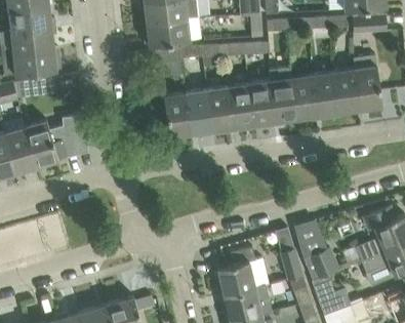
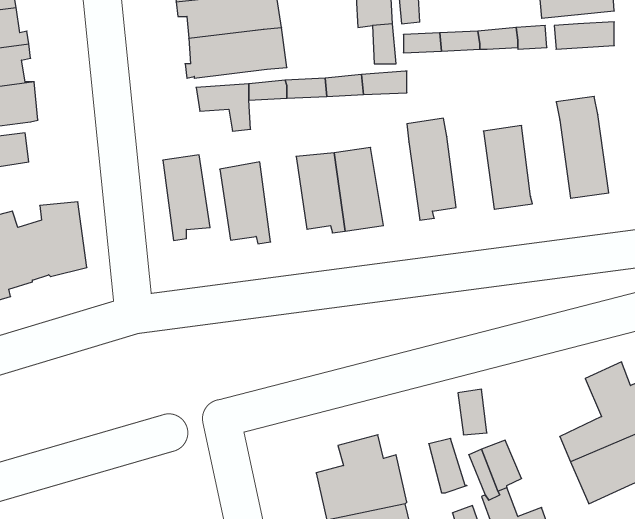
building: [333,69,361,114] -> none
building: [291,75,318,120] -> none
building: [248,81,276,128] -> none
building: [186,89,212,137] -> [163,155,210,240]

